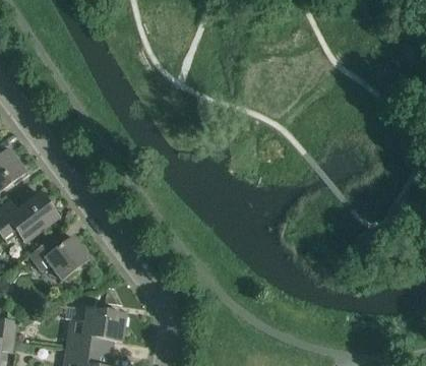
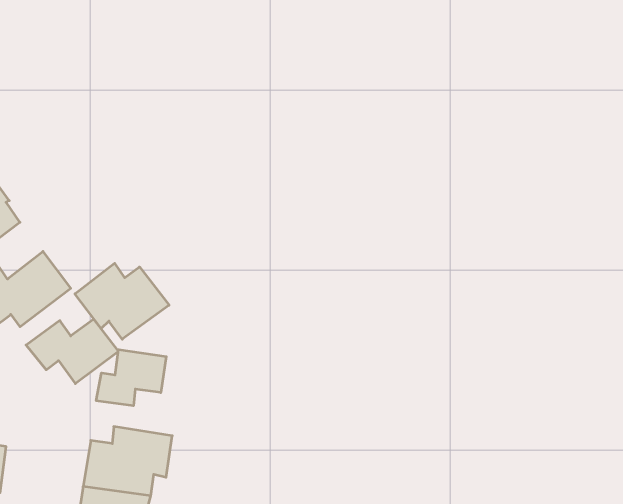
building: none -> [75,263,169,339]
building: none -> [96,350,166,406]

